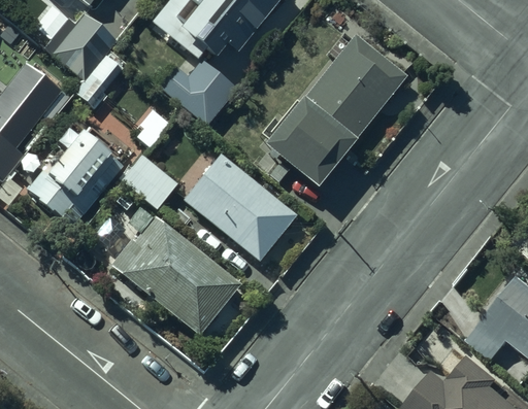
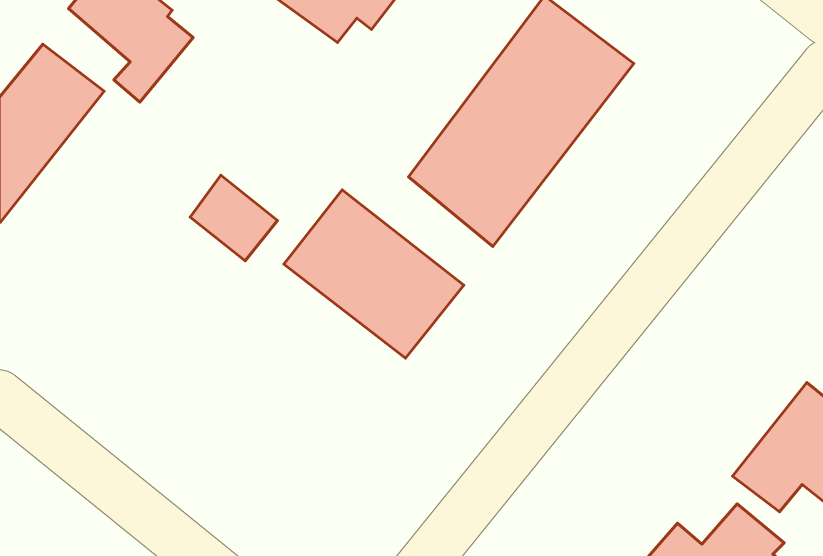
building: [156,59,237,126] -> none
building: [30,129,126,228] -> none
building: [112,214,240,336] -> none

